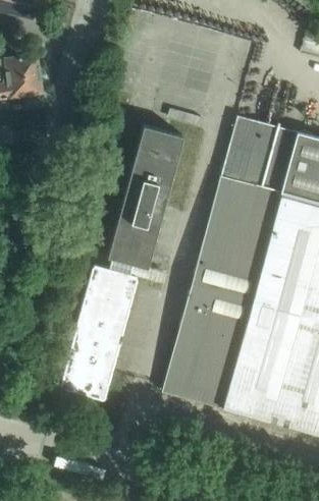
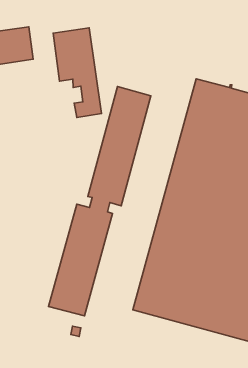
building: none -> [53,28,101,118]

